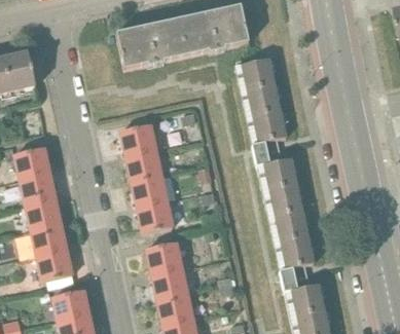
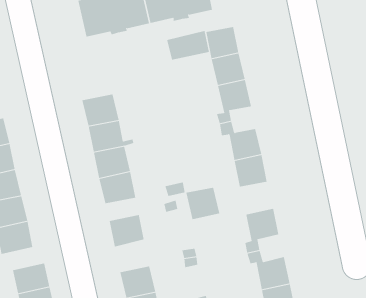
building: none -> [166,30,210,60]
building: [274,210,307,242] -> [186,187,220,220]
building: [151,266,186,298] -> none

